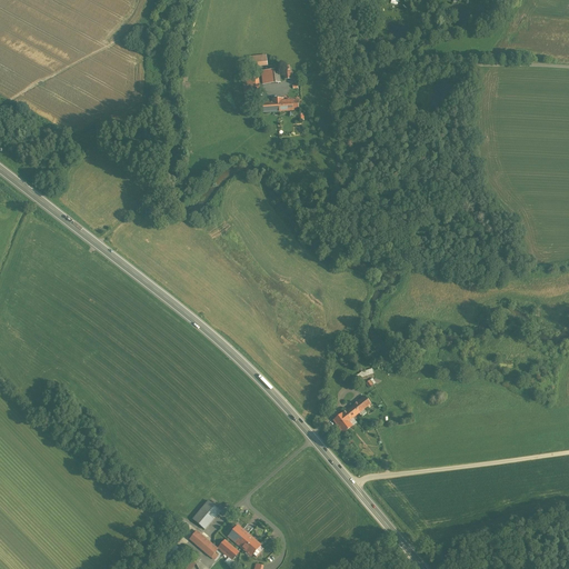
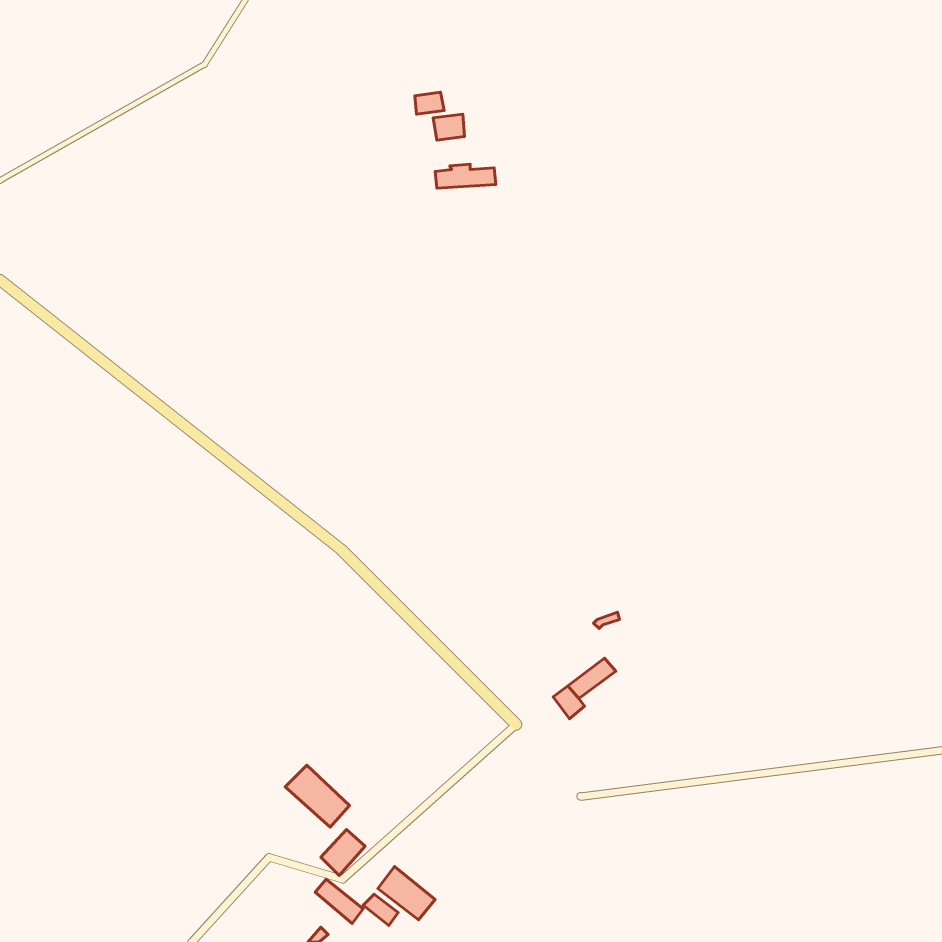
building: none -> [285,765,349,827]

